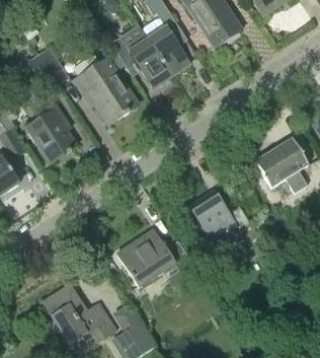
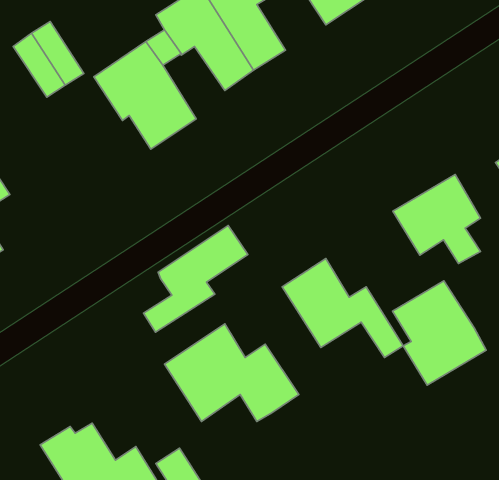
building: [26,105,78,163] -> none
building: none -> [143,225,248,332]
building: none -> [393,281,486,385]

